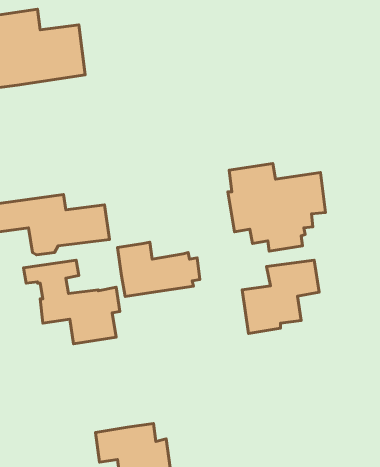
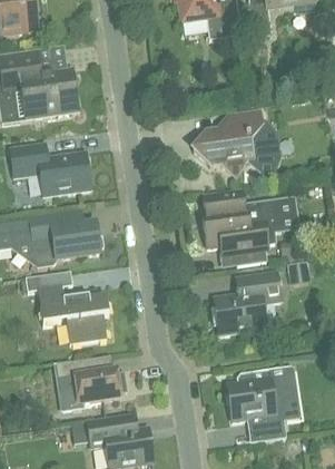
building: none -> [193,109,272,174]
building: none -> [9,144,89,195]
building: [118,242,200,296] -> [56,359,127,406]
building: none -> [226,370,292,441]

